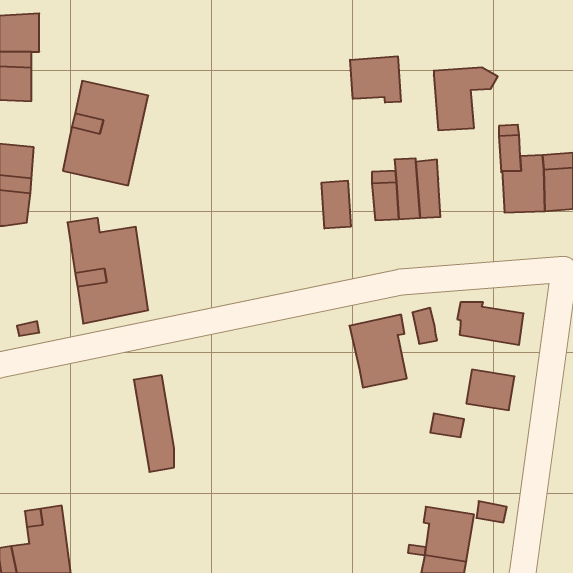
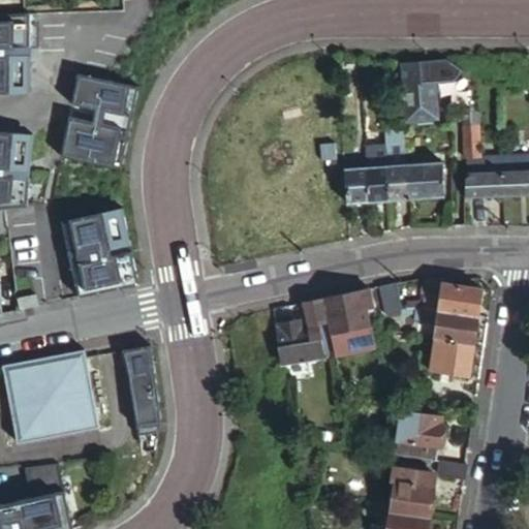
building: [350,56,401,103] -> none
building: none -> [403,162,443,199]
building: [322,181,351,229] -> none
building: none -> [274,300,334,366]
building: none -> [415,308,477,346]
building: none -> [4,352,99,444]
building: none -> [382,411,441,462]

